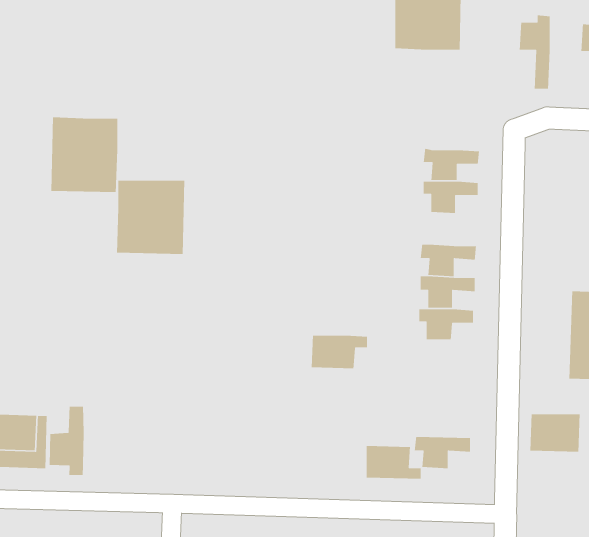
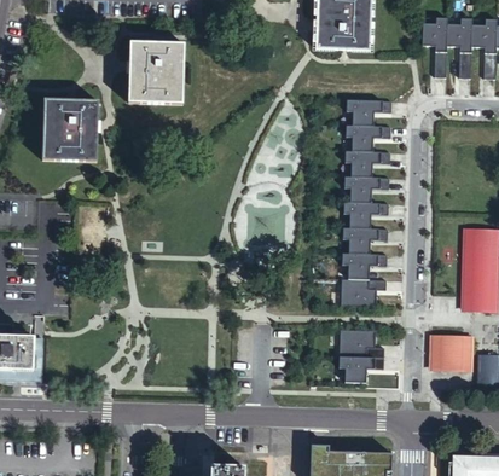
building: none -> [446,17,471,77]
building: none -> [344,98,389,124]
building: [116,180,185,255] -> [134,41,190,101]
building: none -> [342,175,387,202]
building: [311,335,368,369] -> [338,278,384,306]
building: [49,406,85,476] -> none
building: [366,445,421,480] -> [337,329,382,356]

